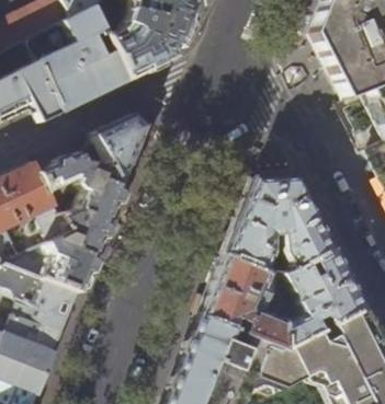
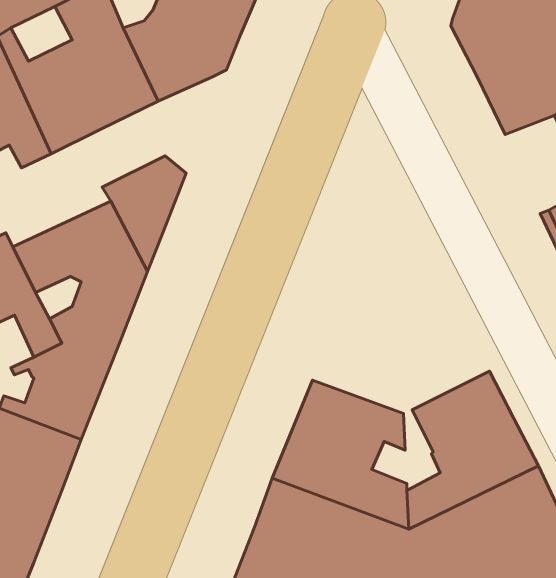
building: [227,173,338,273] -> none

